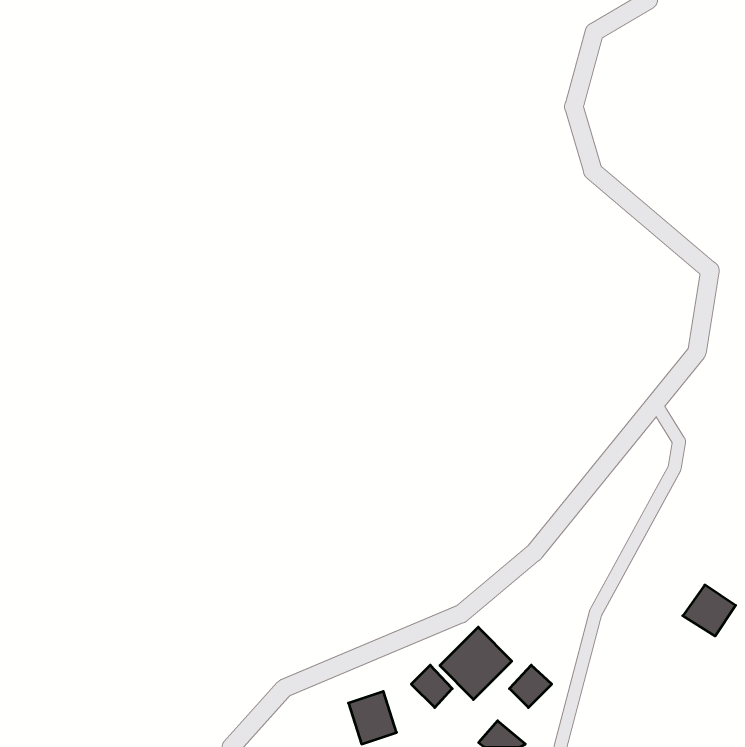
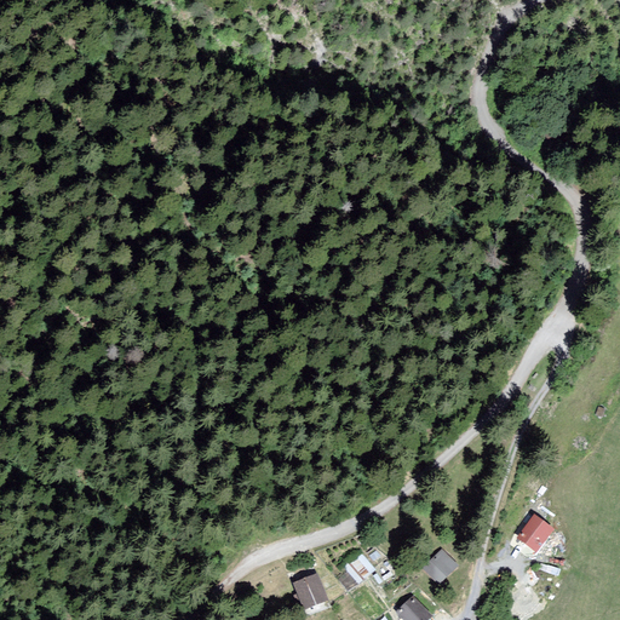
building: [683,585,736,636] -> [515,513,558,556]
building: [440,627,512,700] -> none

